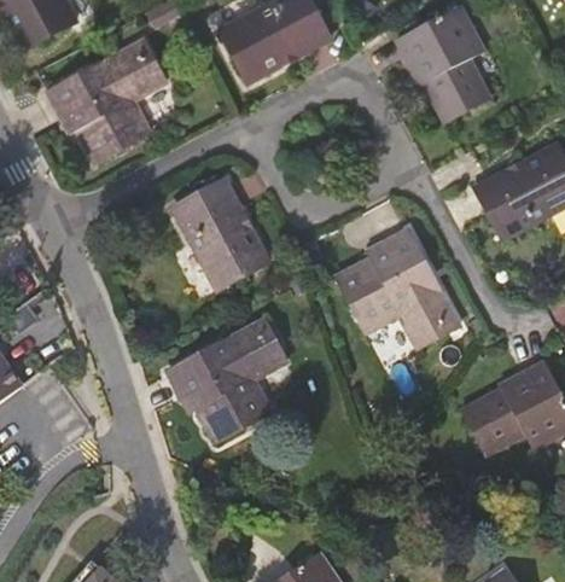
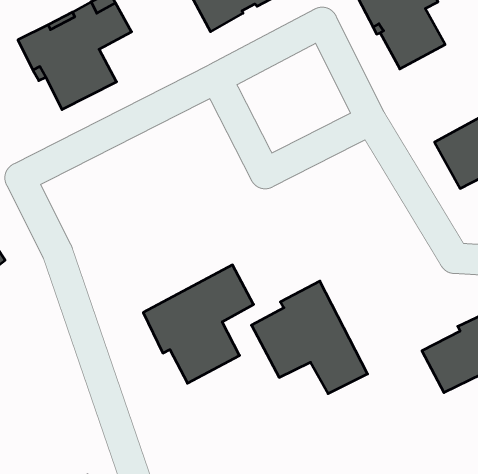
building: [175,184,267,292] -> none
building: [338,234,459,351] -> [251,281,368,394]

